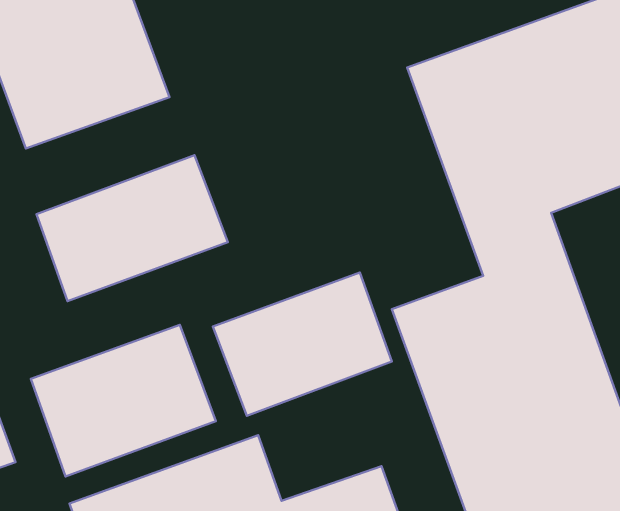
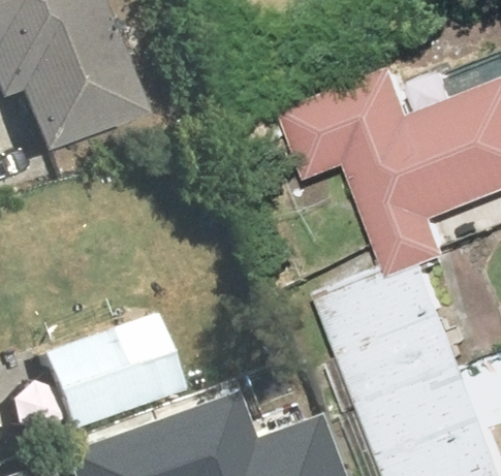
building: [36,155,228,301] -> none
building: [213,273,392,416] -> none

